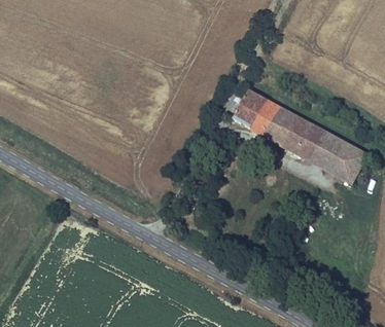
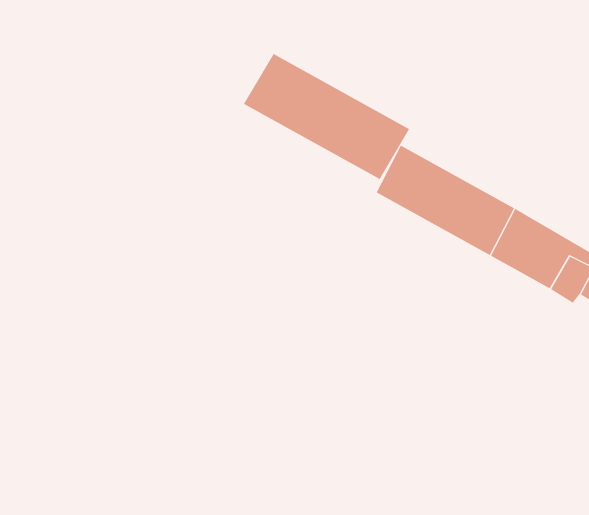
building: none -> [243,53,410,180]

